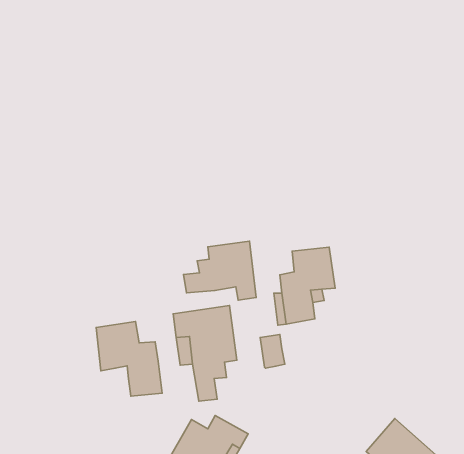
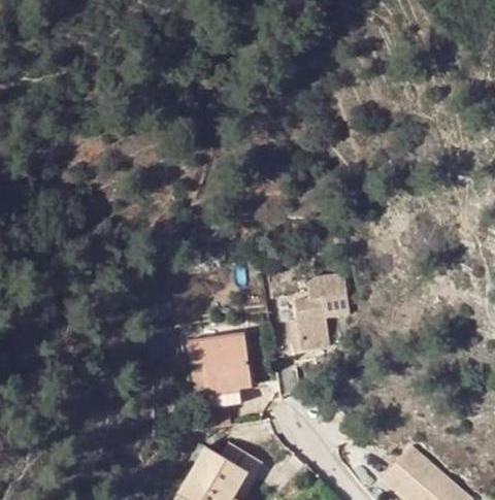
building: [184,241,256,300] -> none
building: [96,321,162,396] -> none

